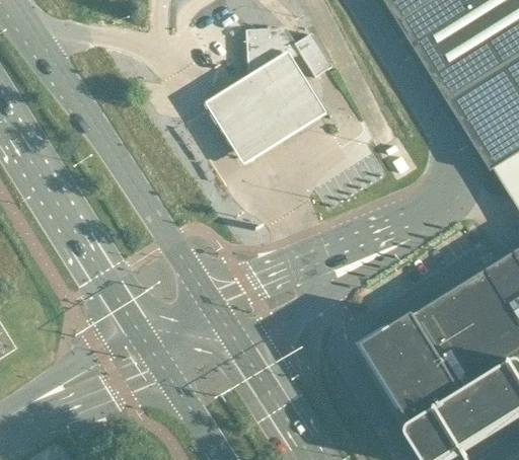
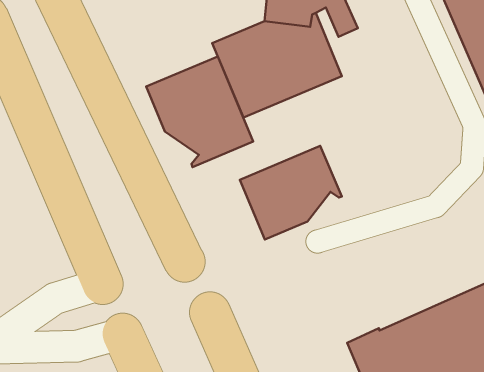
building: none -> [146,57,253,167]
building: none -> [240,146,342,239]

